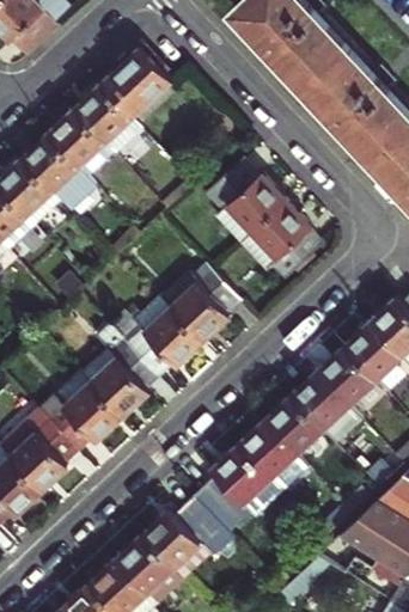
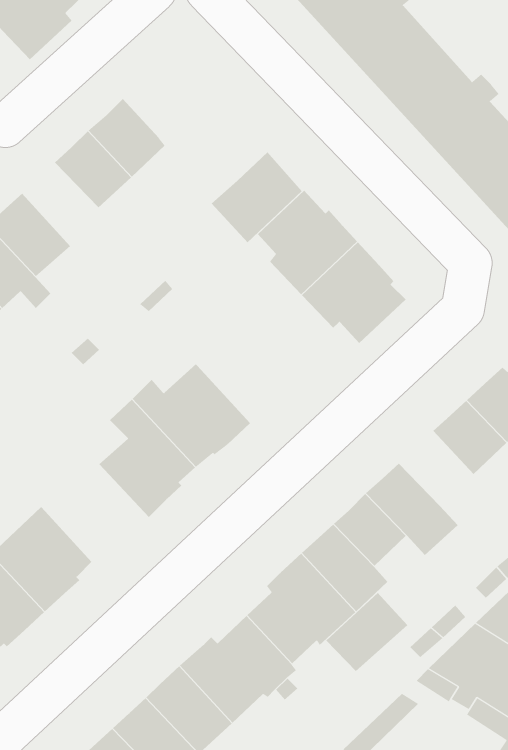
building: [98,48,170,120] -> [211,152,302,243]
building: [19,139,93,215] -> none
building: [157,264,237,343] -> none
building: [315,349,373,408] -> none
building: [35,372,118,452] -> none
building: none -> [325,592,408,672]

